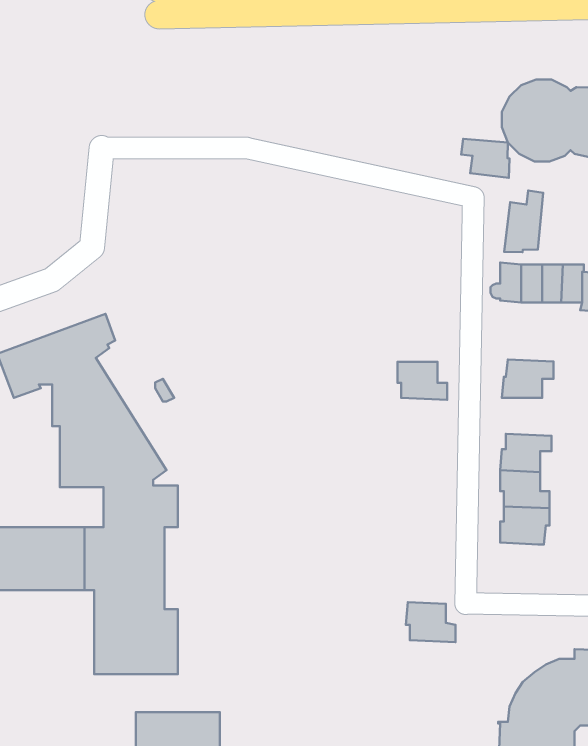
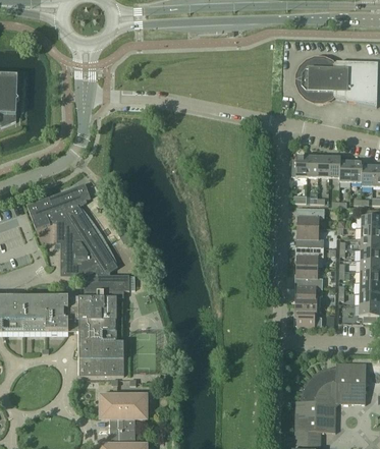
building: [461,139,509,178] -> none
building: [504,190,543,252] -> none
building: [398,362,447,400] -> [296,227,323,247]
building: [406,602,456,642] -> [294,304,321,326]

